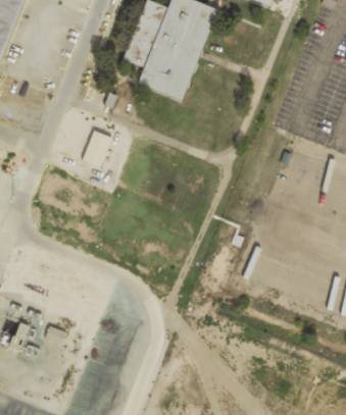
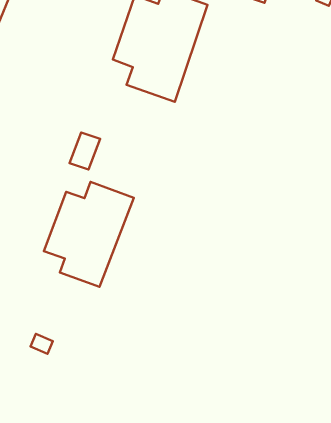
building: none -> [44,182,134,287]

